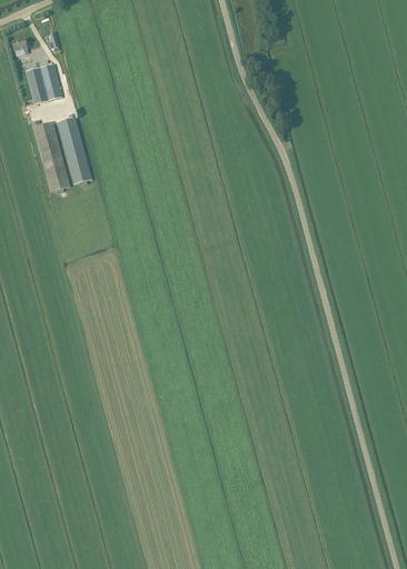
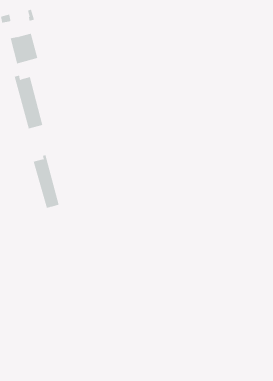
building: [57,112,92,183] -> [33,155,60,208]

